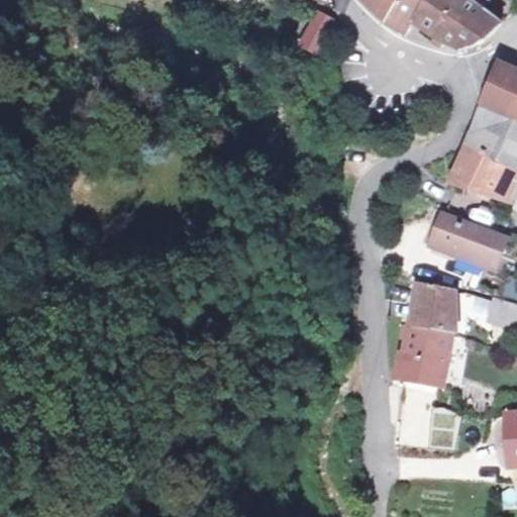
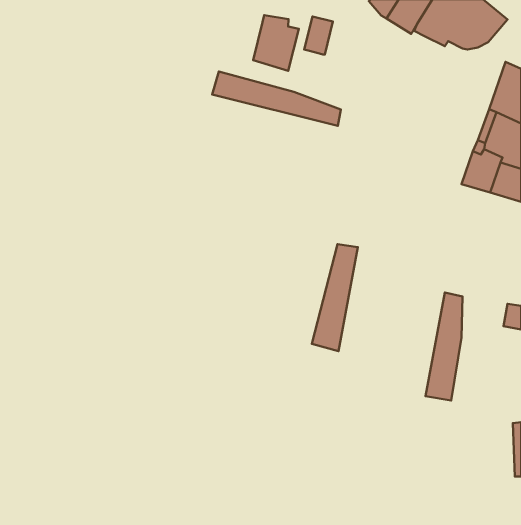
building: none -> [253,15,299,71]
building: none -> [212,71,341,126]
building: [434,211,503,266] -> none
building: [392,284,437,389] -> [312,244,358,351]

